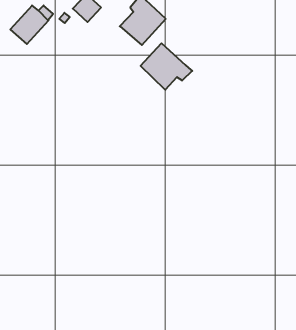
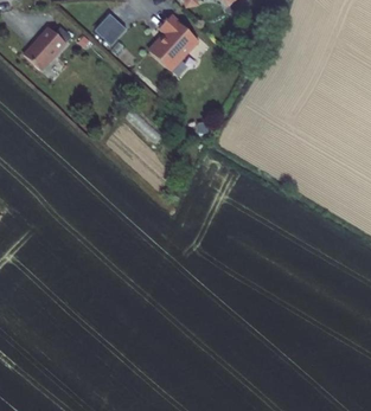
building: [141,43,192,90] -> none

